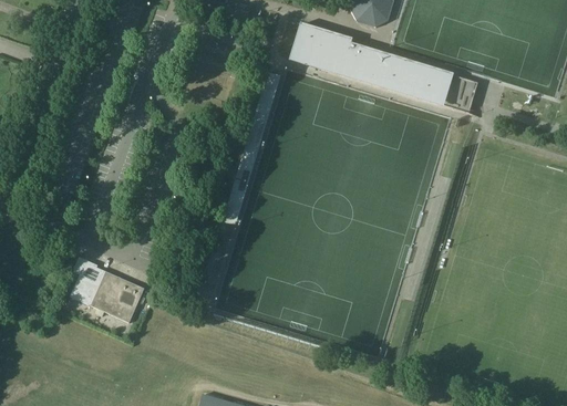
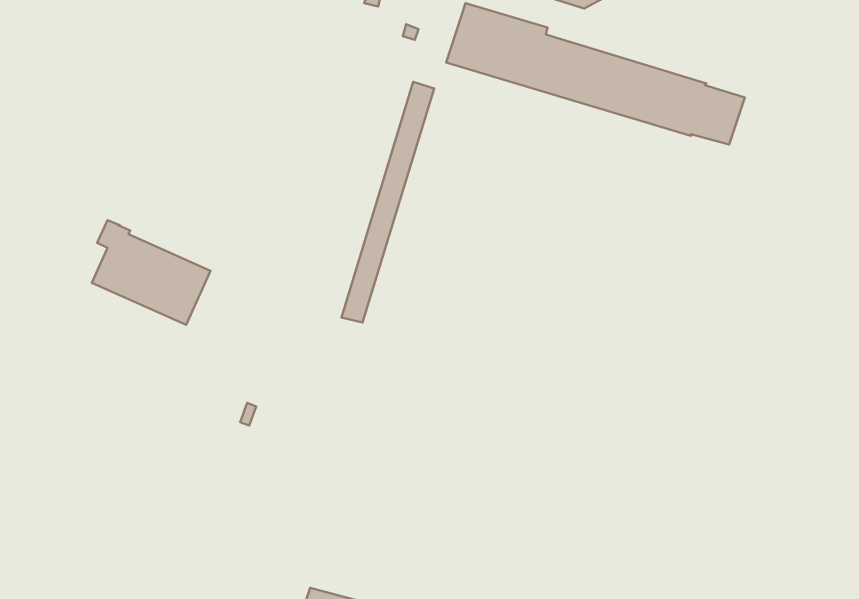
building: [69,257,144,323] -> [92,220,211,325]

